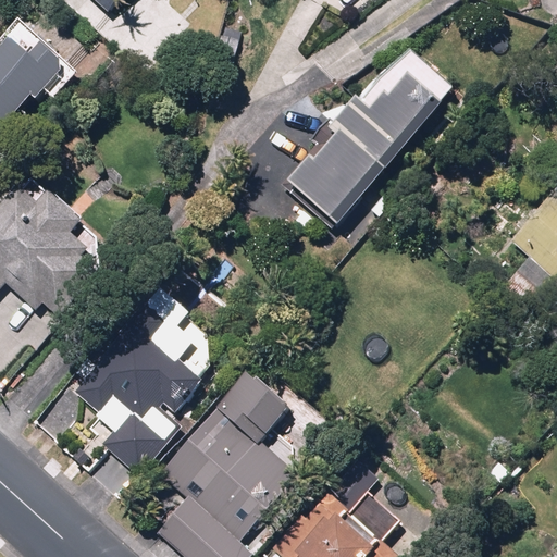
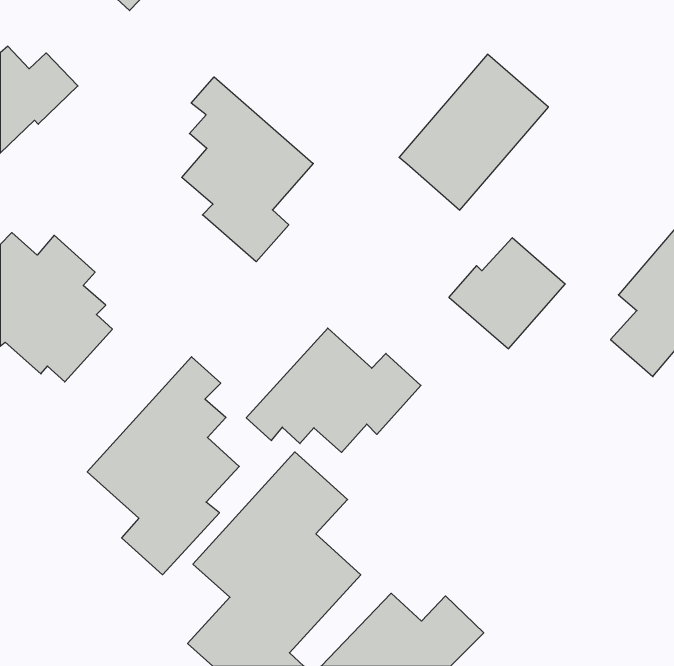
building: none -> [182,77,313,262]
building: [284,135,380,226] -> [449,238,565,349]
building: none -> [246,328,421,452]

